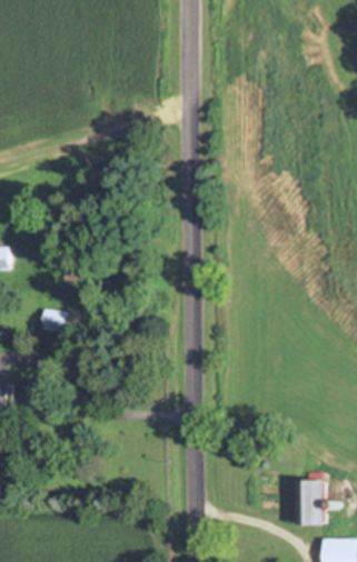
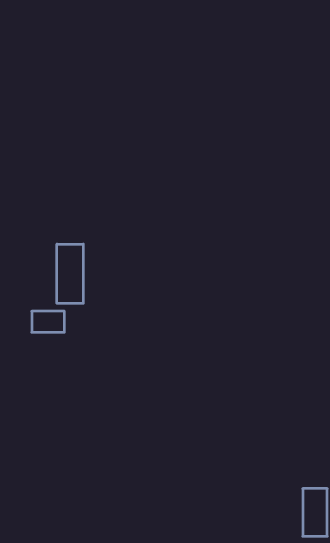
building: none -> [57,244,83,303]

